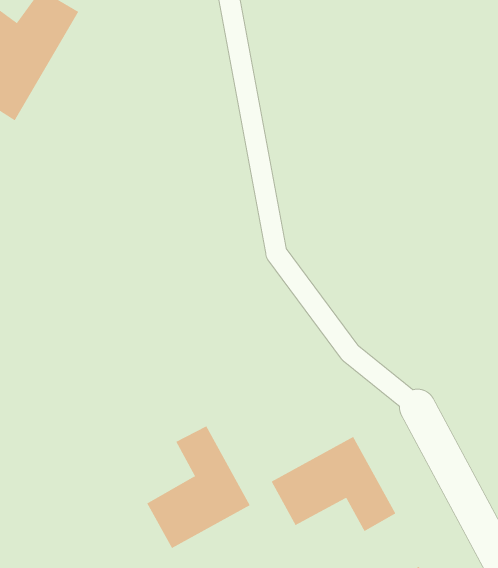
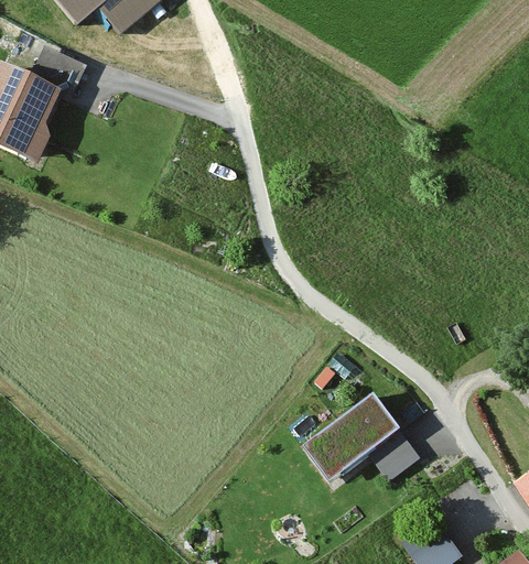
building: [147,425,250,549] -> none

